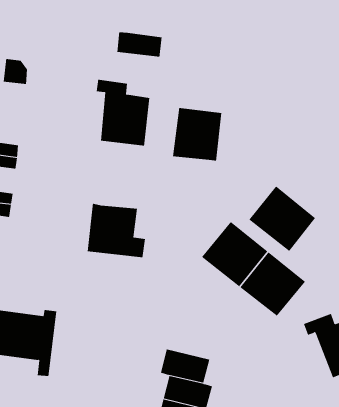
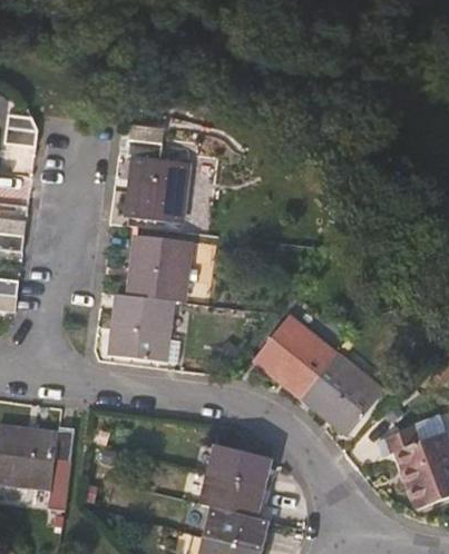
building: [117,32,162,58] -> none
building: [172,108,222,161] -> [128,234,191,300]
building: [249,186,316,252] -> none
building: none -> [209,445,271,487]

